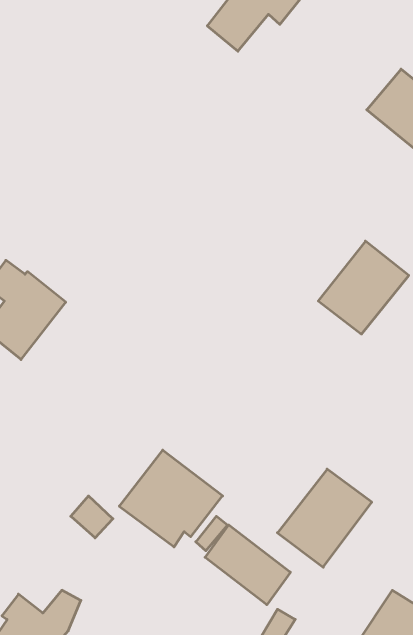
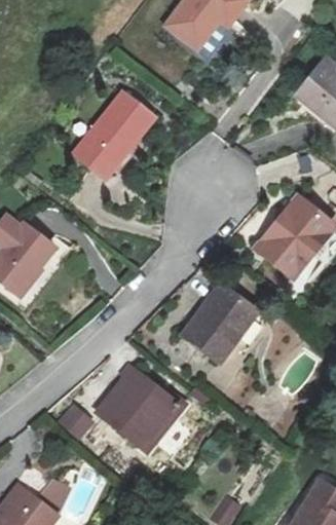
building: none -> [72,90,155,179]
building: [277,469,372,567] -> [182,283,258,362]
building: [205,525,290,605] -> none

